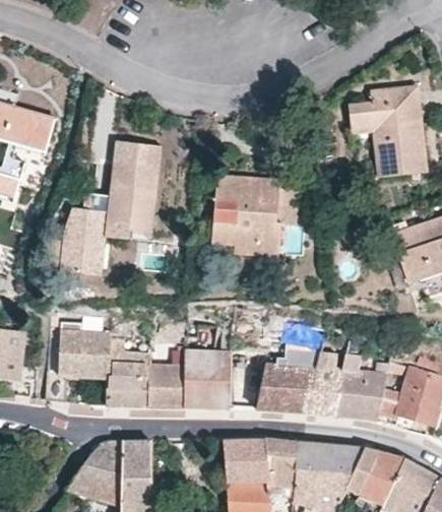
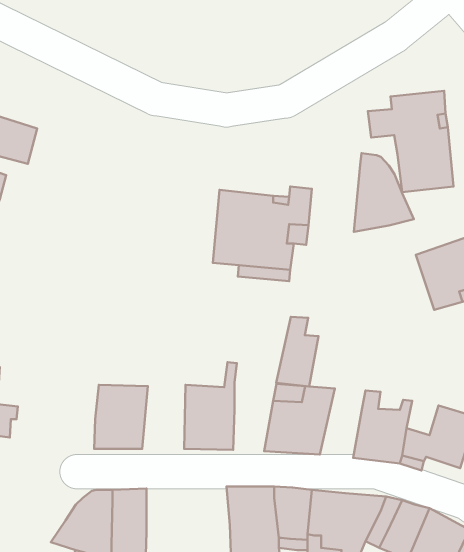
building: [64,136,165,270] -> none
building: none -> [354,153,414,232]
building: [45,323,109,402] -> none
building: [147,341,186,406] -> none
building: [306,353,343,414] -> [276,317,318,386]

